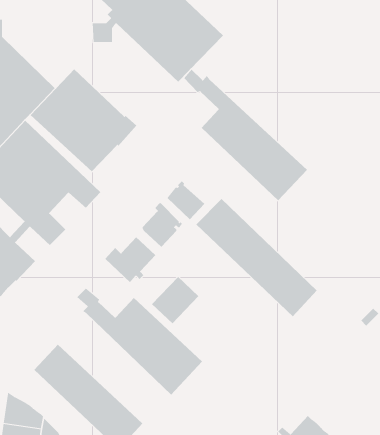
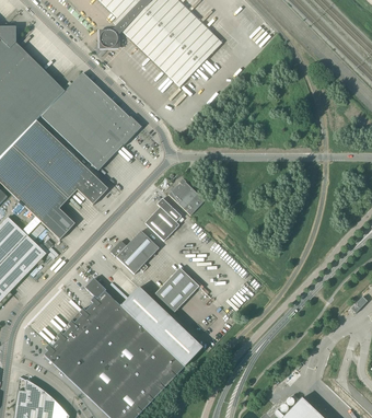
building: [183,69,308,201] -> none
building: [195,198,318,317] -> none
building: none -> [67,302,173,405]

